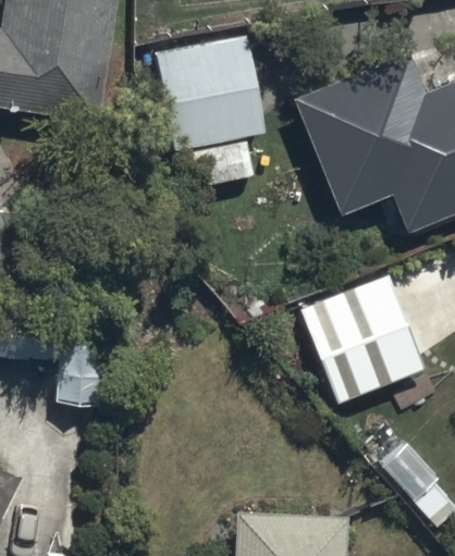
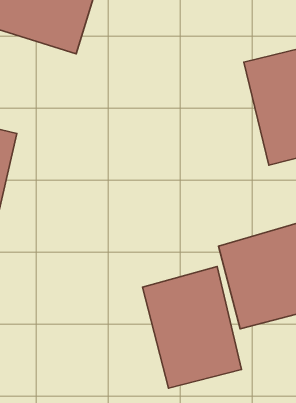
building: [158,39,266,190] -> none
building: none -> [142,267,242,388]

